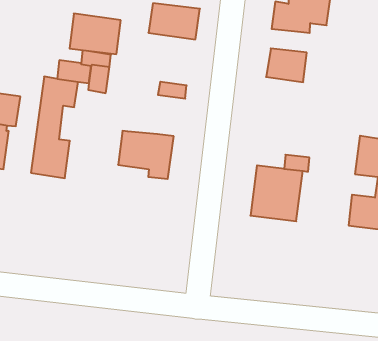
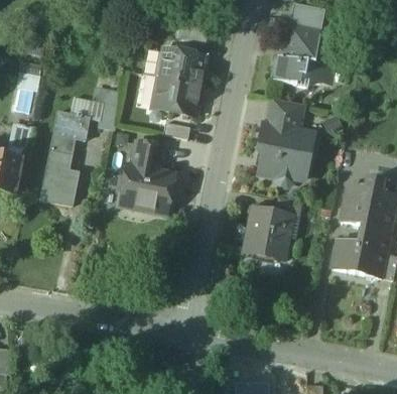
building: [70,14,121,54] -> [152,75,202,115]
building: none -> [260,123,308,185]
building: none -> [133,141,164,169]

